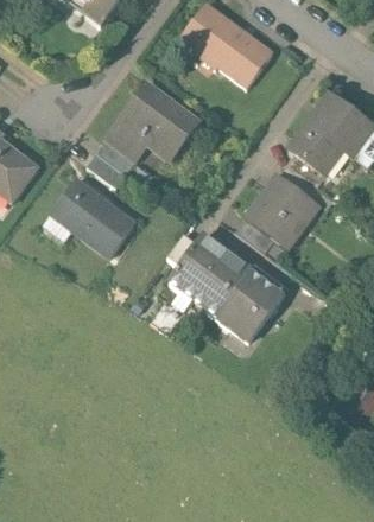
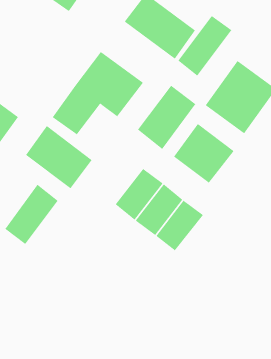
building: none -> [177,15,232,77]
building: none -> [137,85,196,150]
building: none -> [5,184,58,245]

